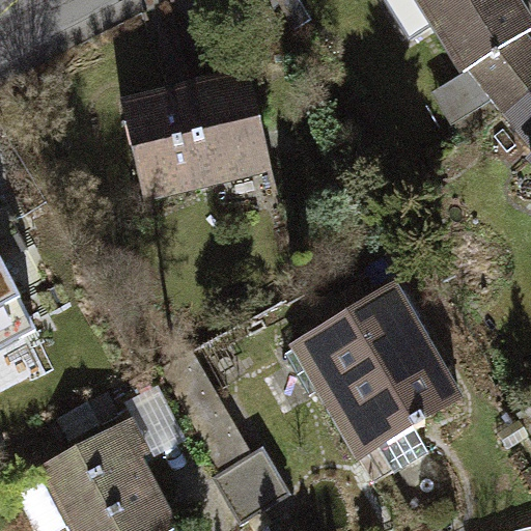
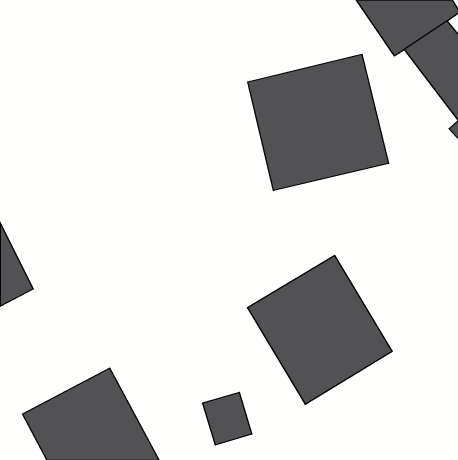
building: [117,60,271,194] -> none
building: none -> [248,54,388,191]

